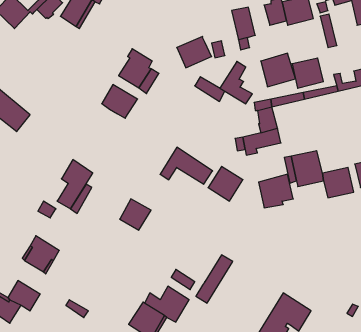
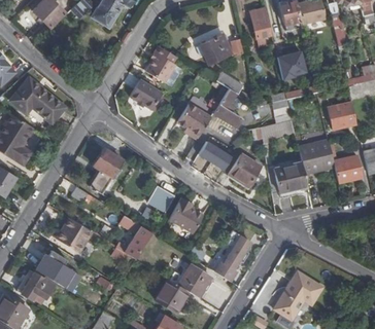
building: [292,58,323,88] -> [328,102,356,130]
building: [220,61,252,104] -> [212,88,242,127]
building: none -> [177,104,210,140]
building: none -> [169,197,203,232]
building: none -> [116,216,151,259]

